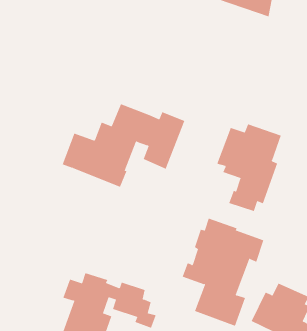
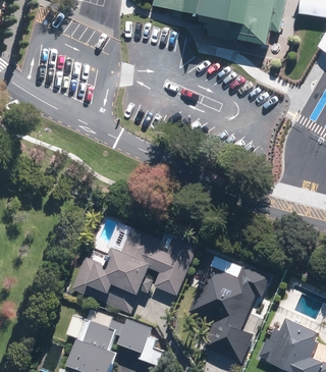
building: [62,104,185,188] -> [72,228,197,313]
building: [216,123,281,212] -> none

